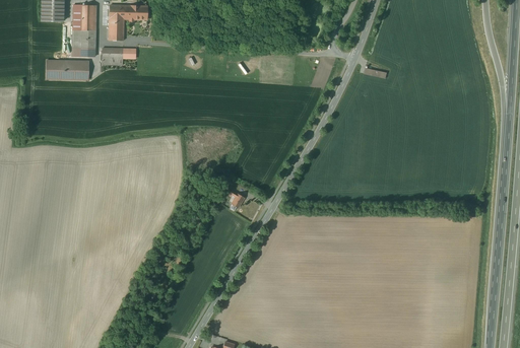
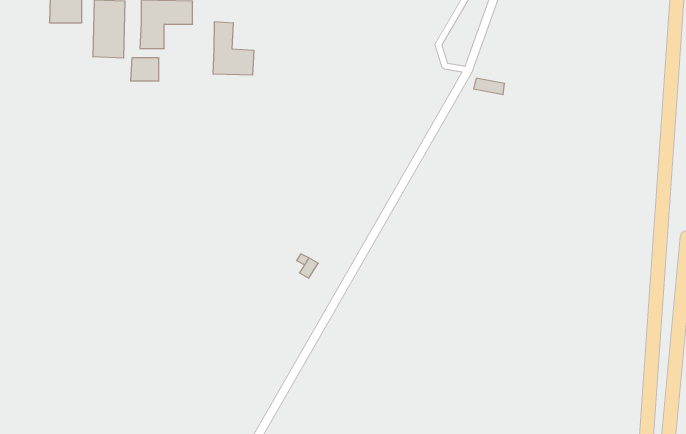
building: none -> [213,22,254,75]
building: [45,59,88,81] -> none

